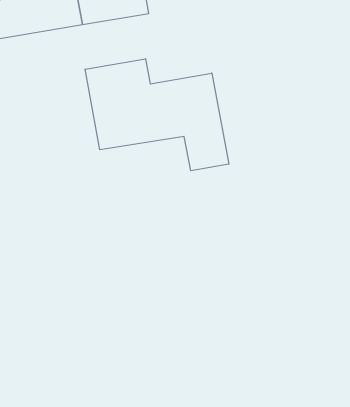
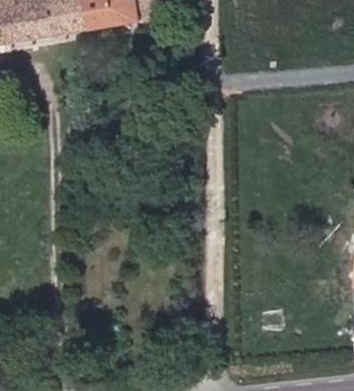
building: [85,59,229,171] -> none

